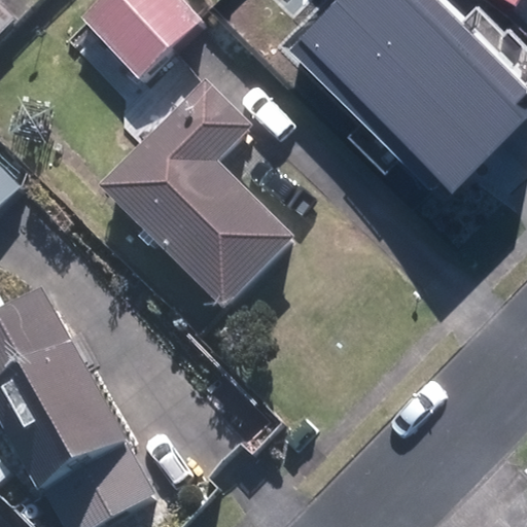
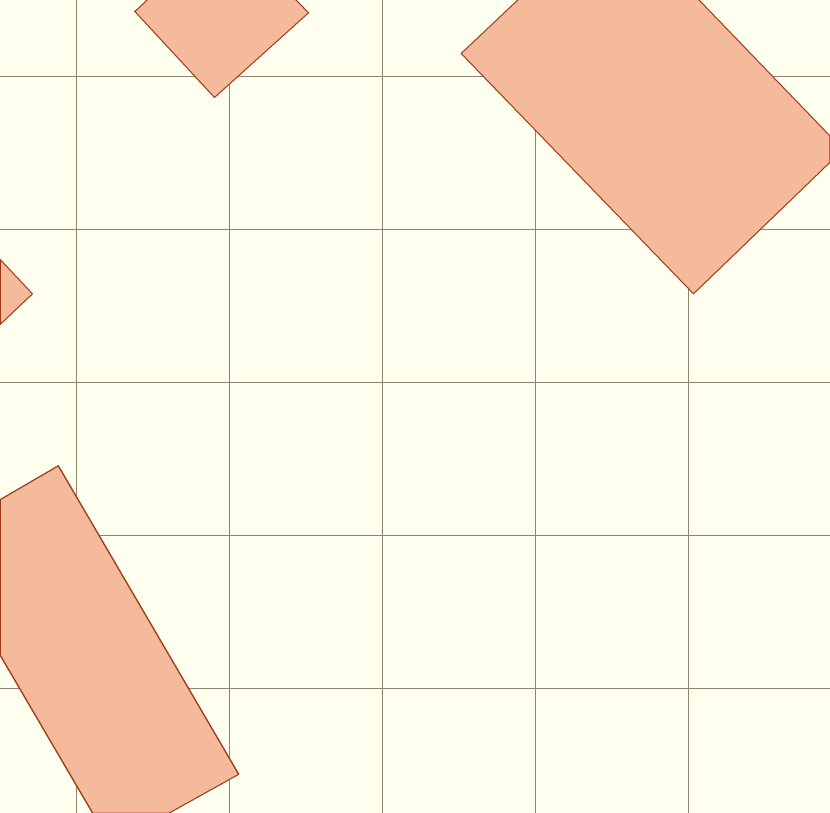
building: [104,90,293,311] -> none

